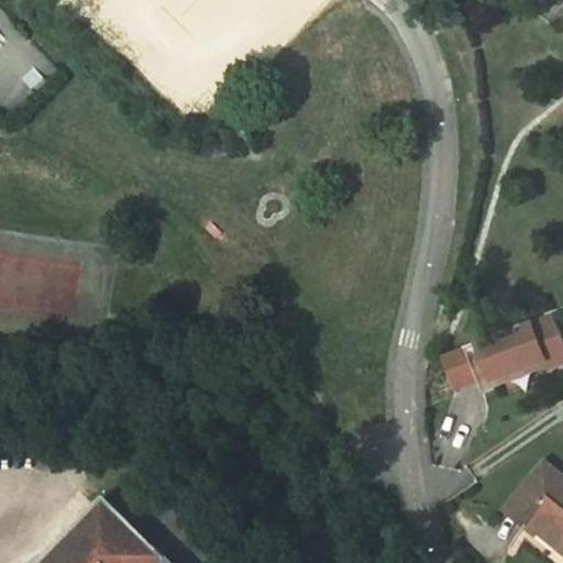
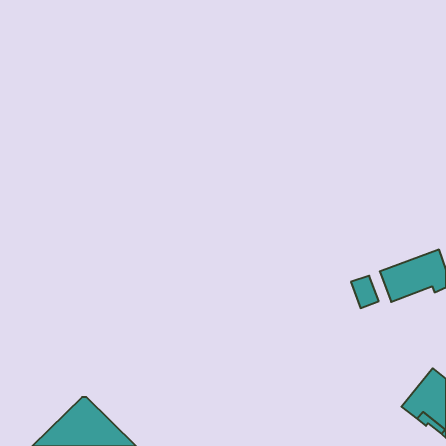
building: [465,342,548,393] -> none

